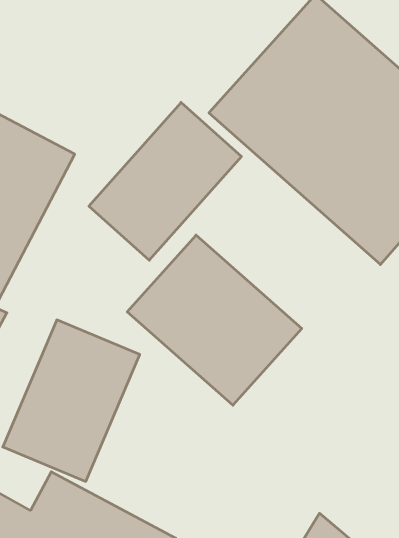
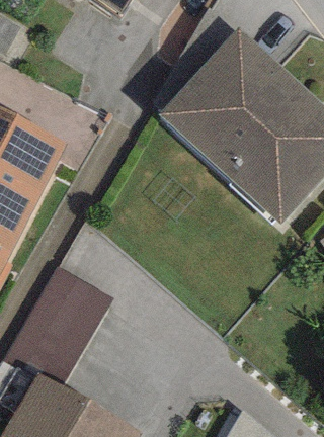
building: [89,102,241,260] -> none
building: [127,235,302,405] -> none

